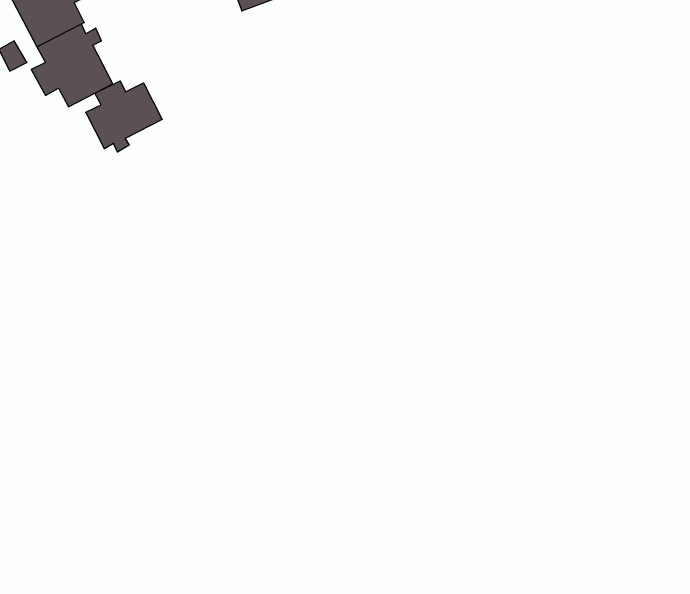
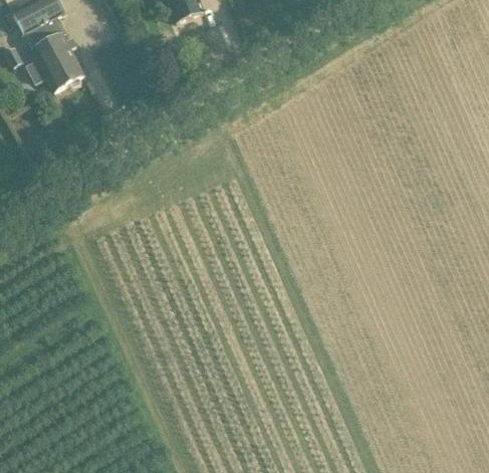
building: [86,81,162,152] -> none

